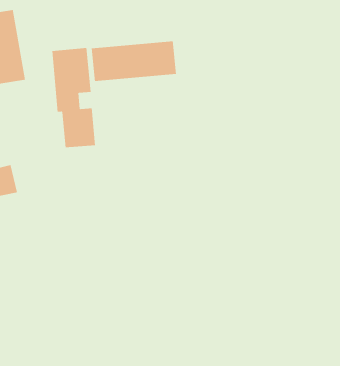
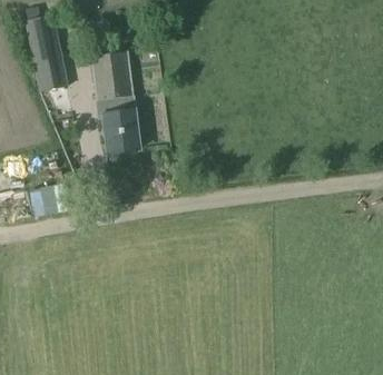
building: [91,41,176,82] -> none

